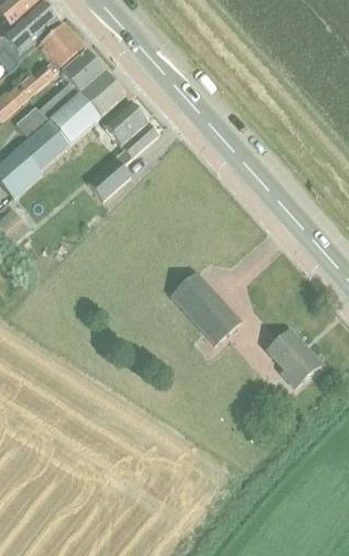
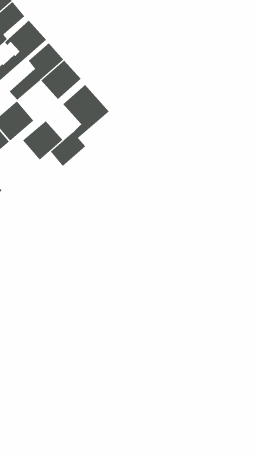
building: [49,97,98,144] -> [22,121,63,161]
building: [172,271,241,343] -> none
building: [266,330,321,388] -> none

